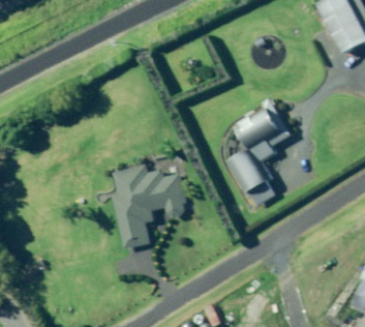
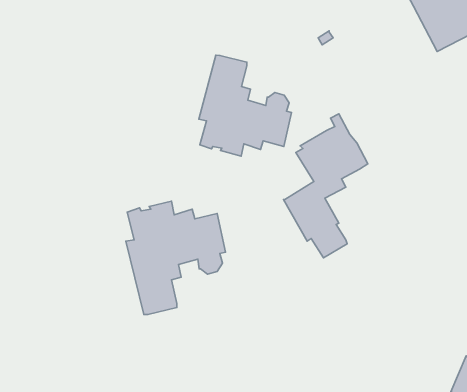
building: none -> [199,55,292,156]

